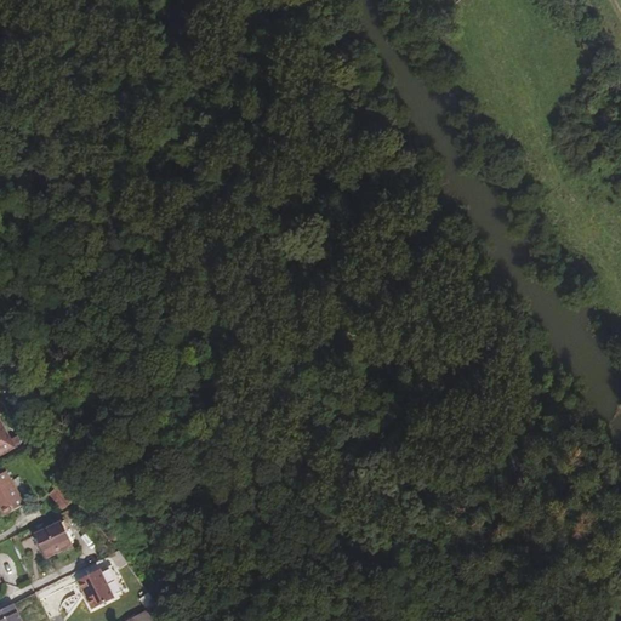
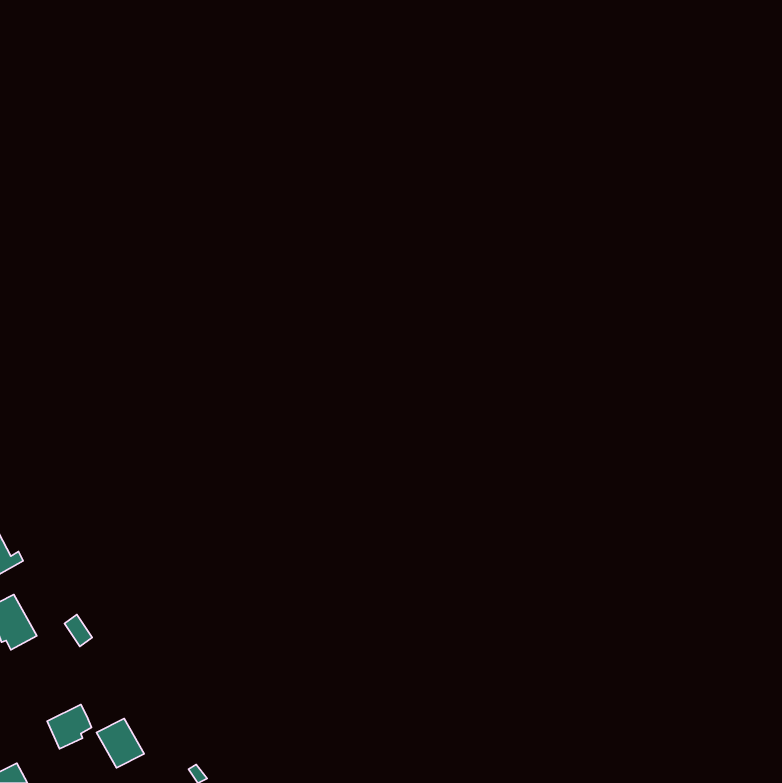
building: [32,520,67,556] -> [47,704,92,749]

